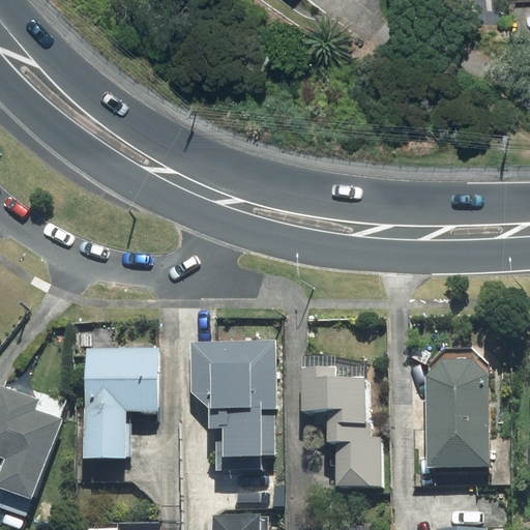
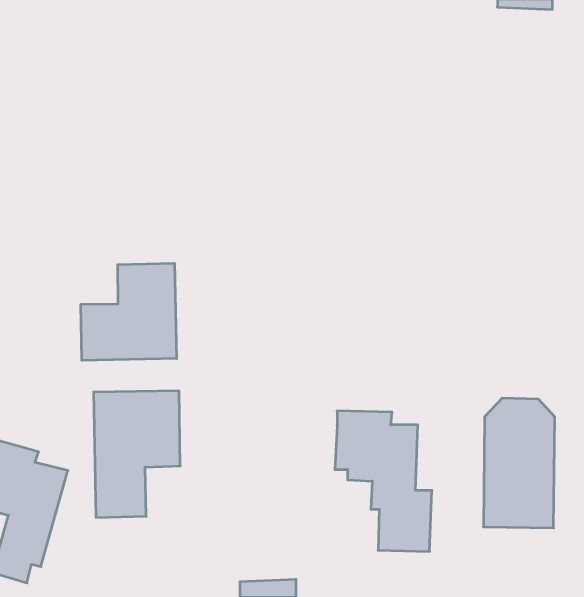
building: none -> [81,263,177,360]
building: [185,337,275,473] -> none

